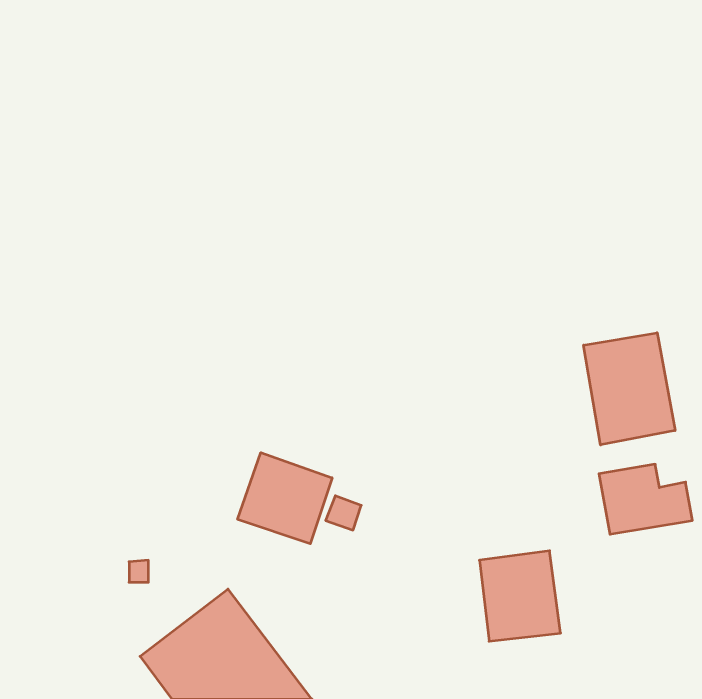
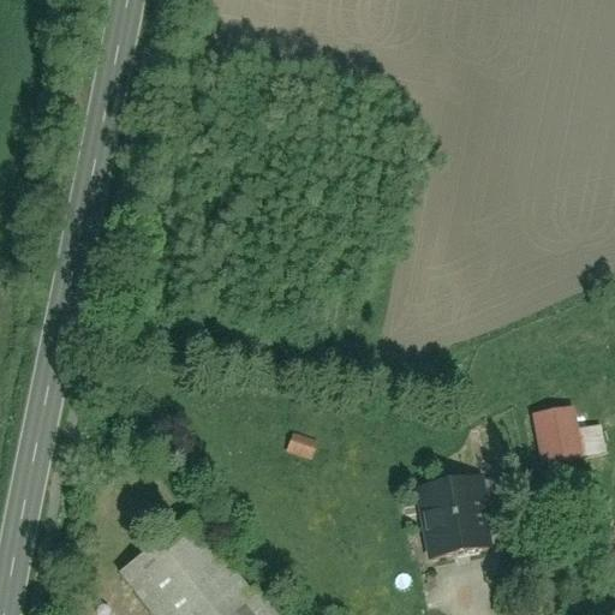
building: [584,333,675,445] -> none
building: [238,453,332,544] -> none

